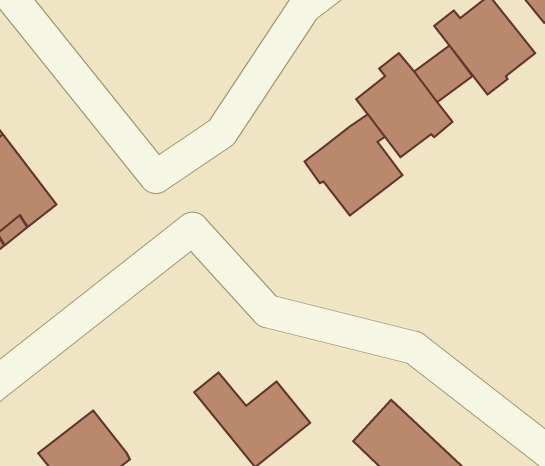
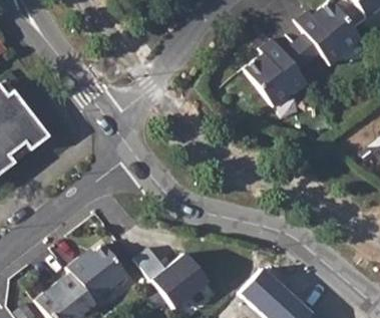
building: [304,114,402,215] -> none
building: none -> [67,245,127,301]

